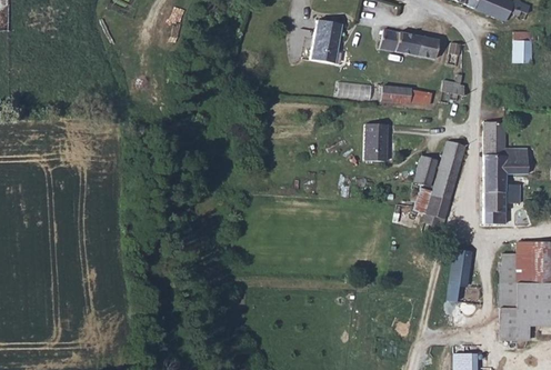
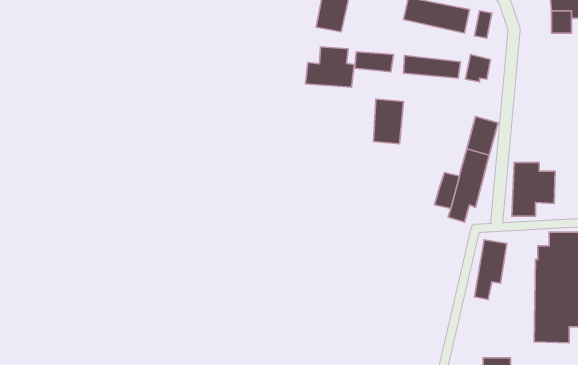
building: none -> [305,47,354,87]
building: [481,123,525,179] -> none
building: [411,158,438,187] -> none

